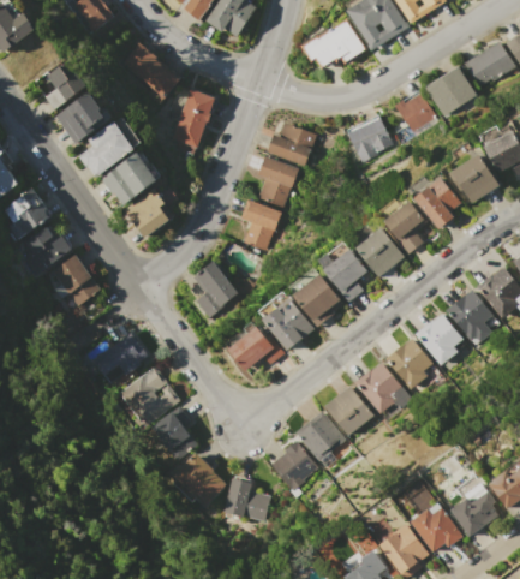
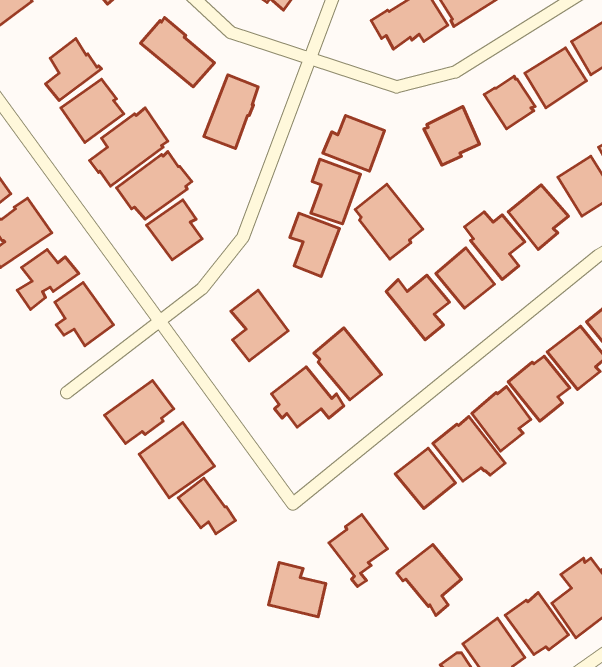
building: [289,267,343,327] -> [355,184,423,259]
building: [294,411,346,467] -> [397,545,462,615]
building: [171,452,227,506] -> none

